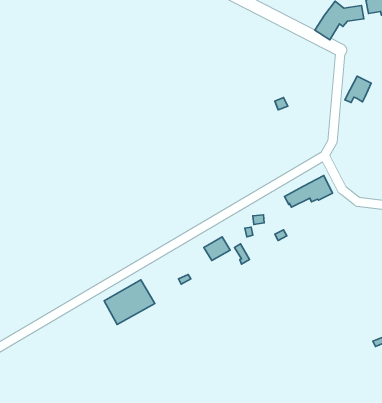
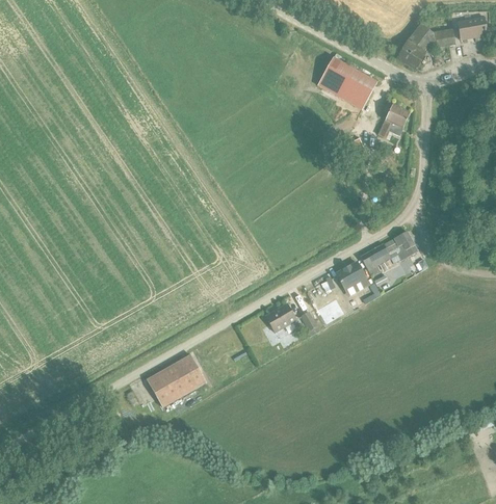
building: none -> [318,58,376,109]
building: [345,76,371,103] -> [380,104,411,135]
building: none -> [336,261,365,288]

